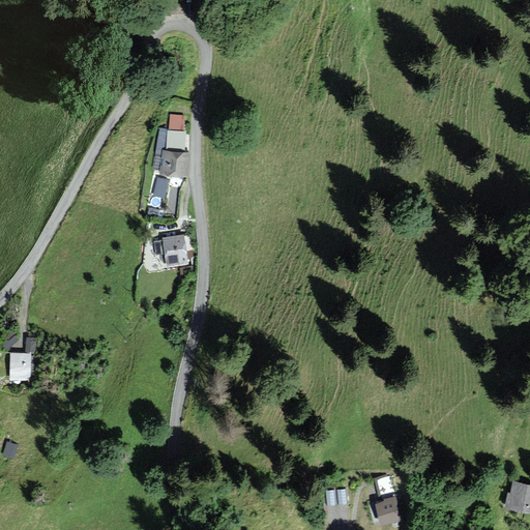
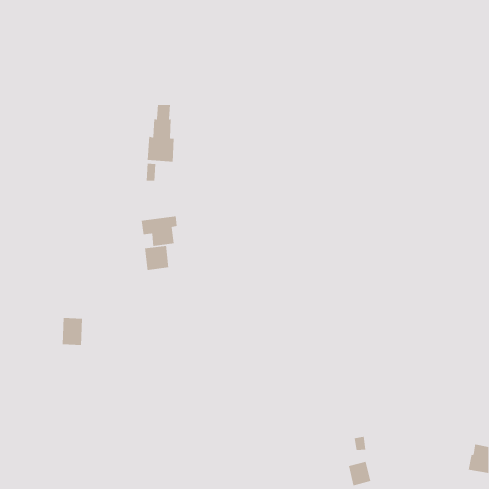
building: none -> [145,245,169,271]
building: [7,351,30,381] -> [62,318,83,345]

